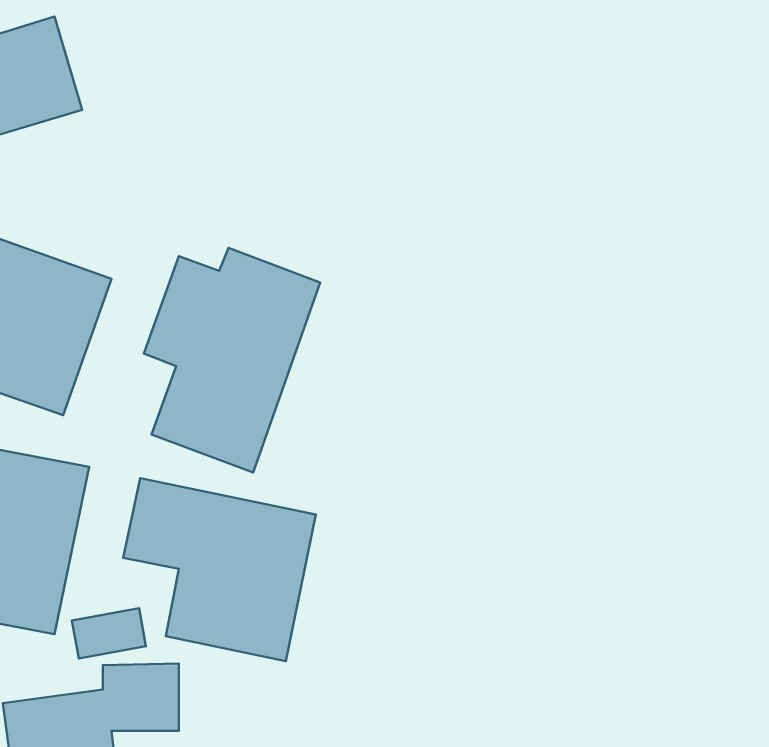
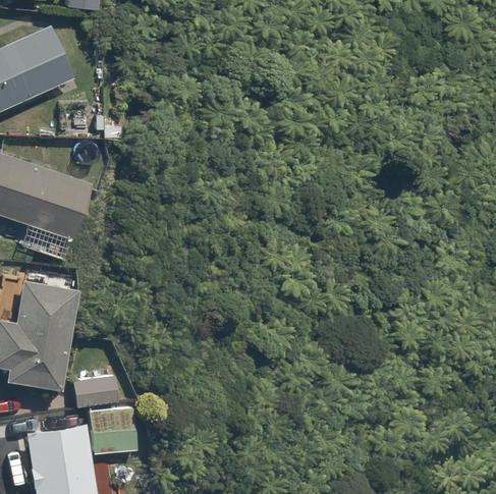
building: [144,248,320,472] -> none
building: [123,478,316,661] -> none

